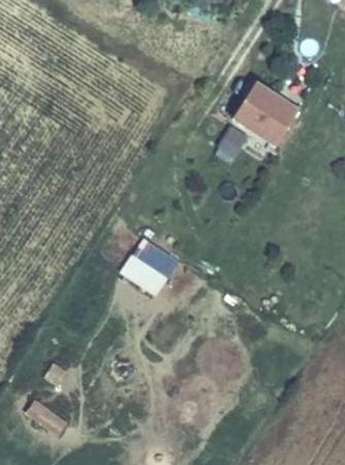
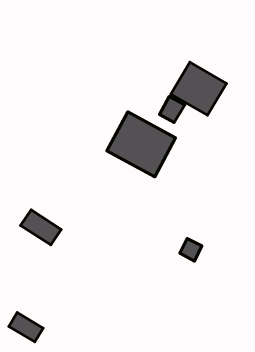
building: none -> [107,112,176,177]
building: [120,251,172,296] -> [21,210,61,245]

